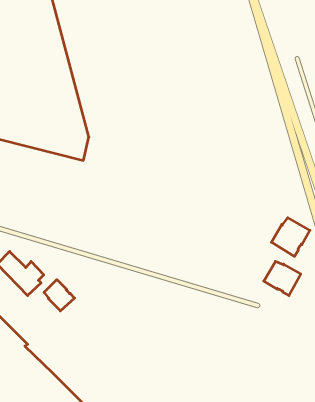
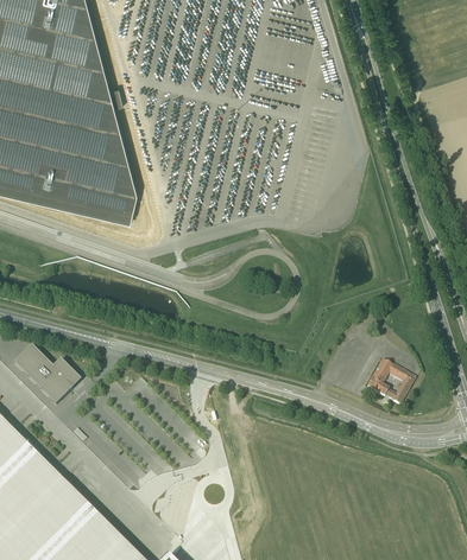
building: [271,218,310,256] -> none
building: [44,280,75,311] -> none

